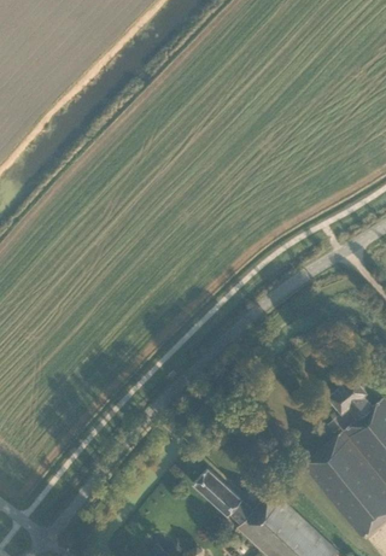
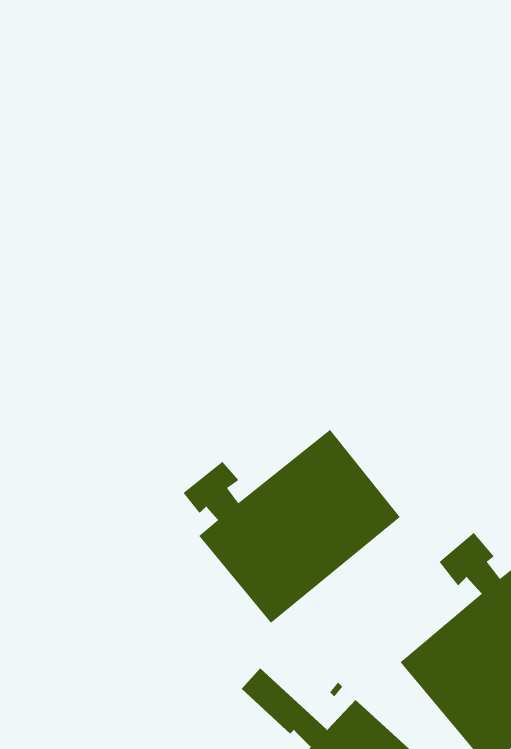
building: none -> [183,429,401,624]

